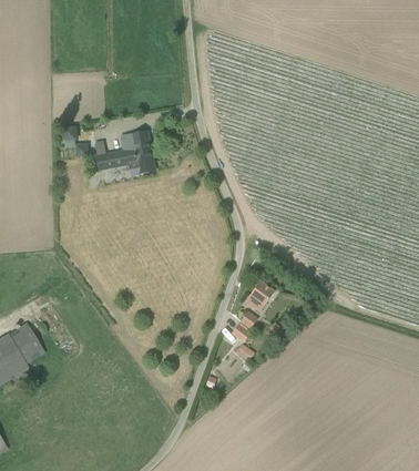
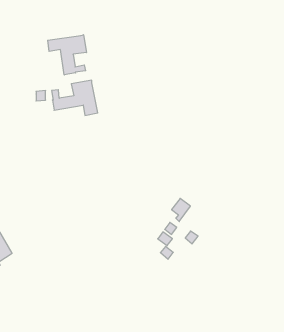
building: none -> [48,35,86,75]

